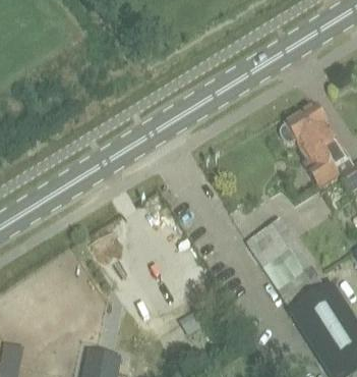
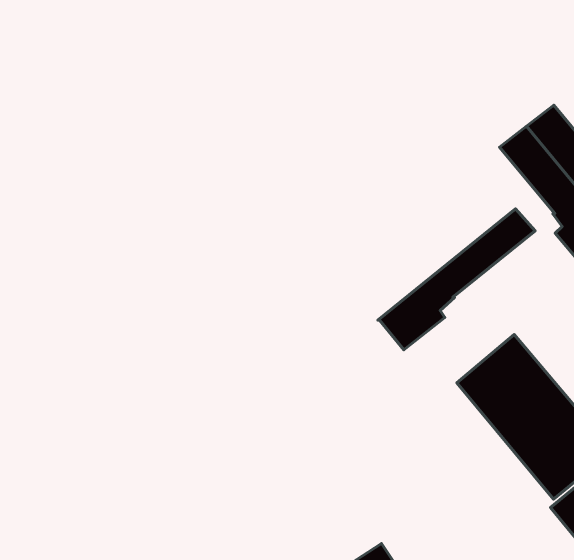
building: none -> [378,209,535,350]

